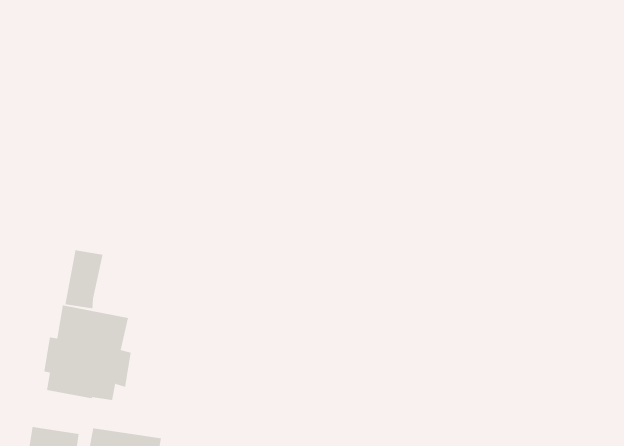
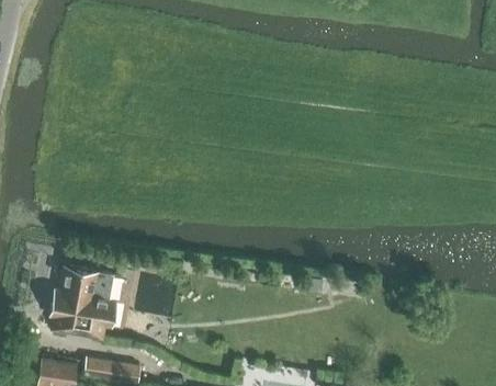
building: [65,250,103,309] -> none

